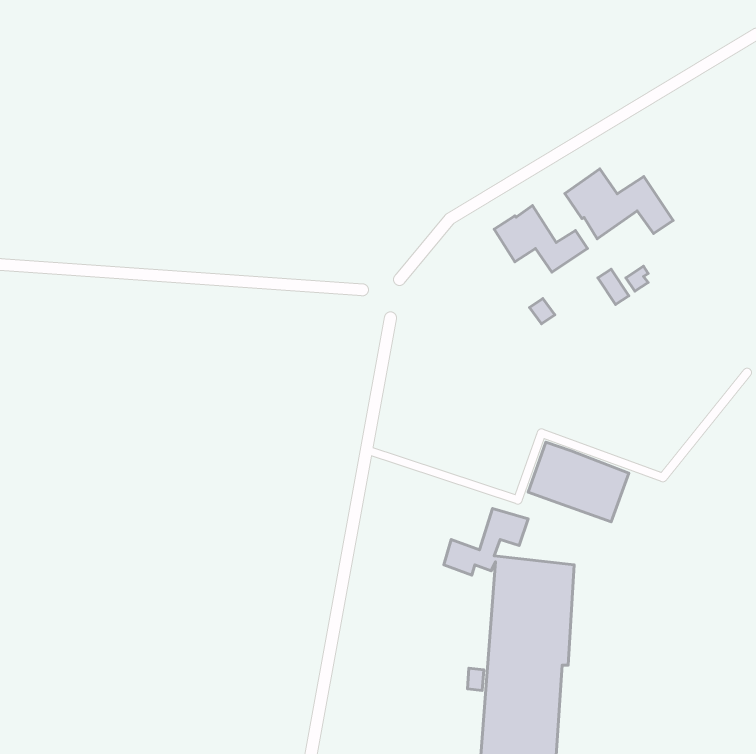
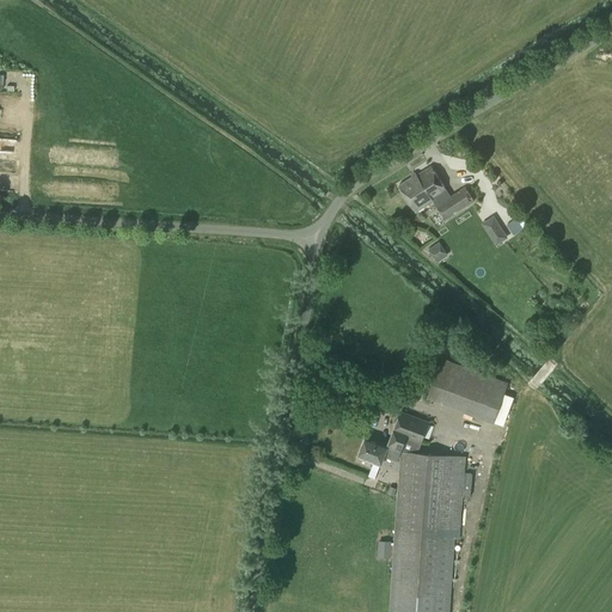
building: [565,169,673,239] -> none

